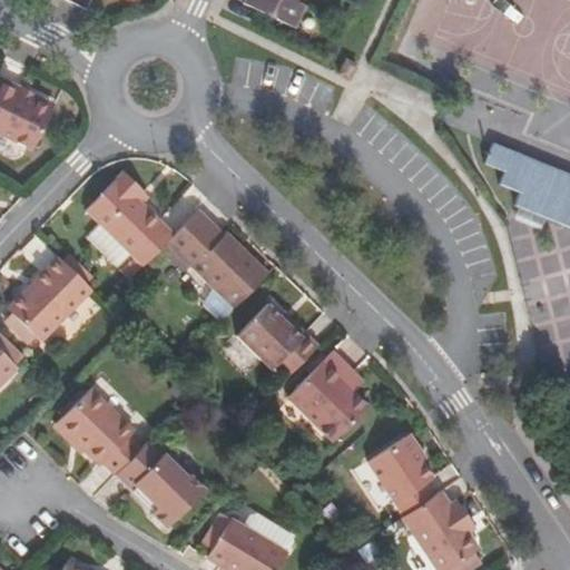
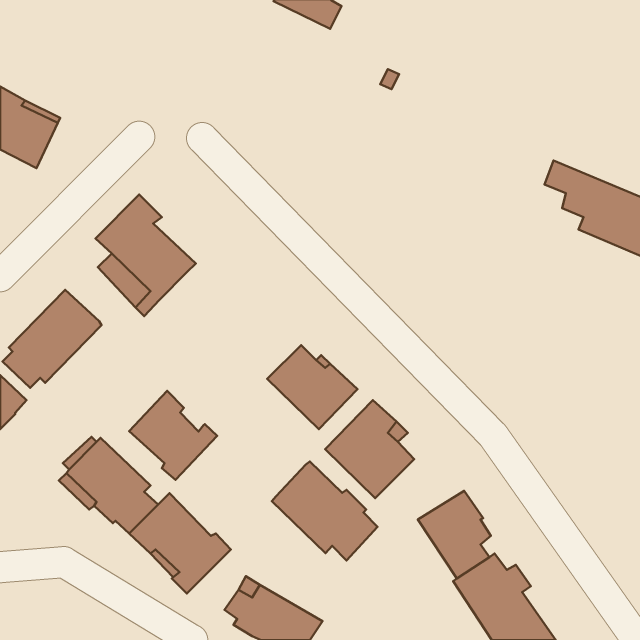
building: [167,210,267,307] -> none
building: none -> [129,391,217,480]
building: none -> [272,461,378,560]

